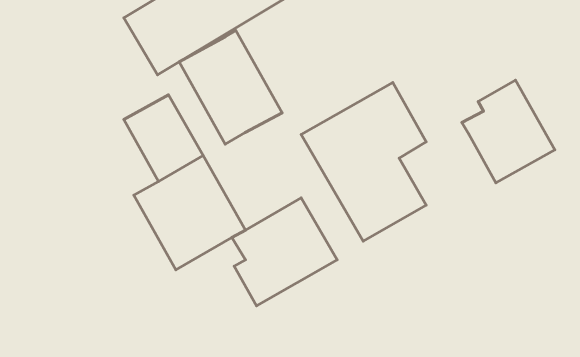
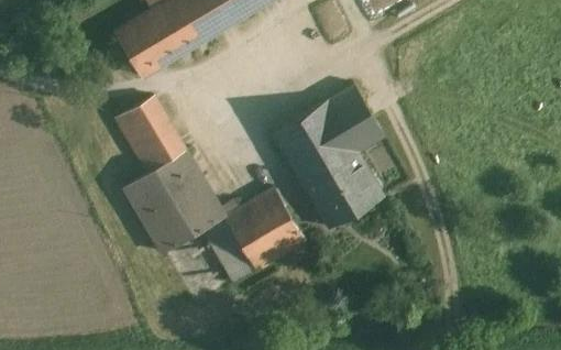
building: [179,30,282,144] -> none
building: [462,80,555,183] -> none

